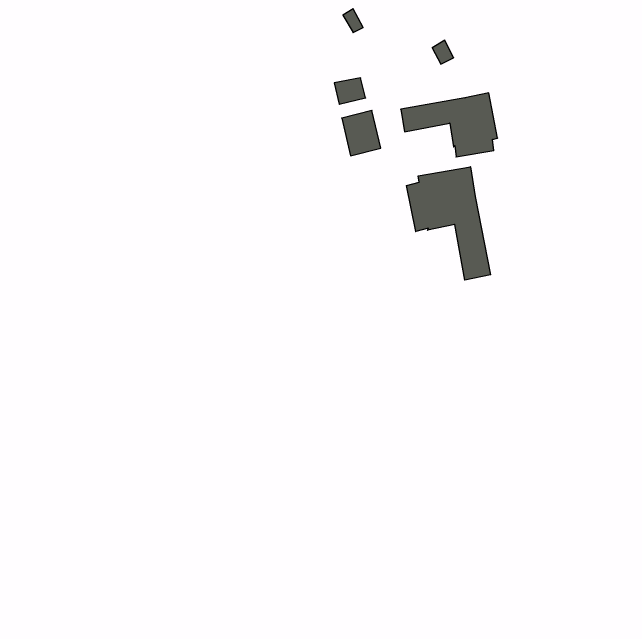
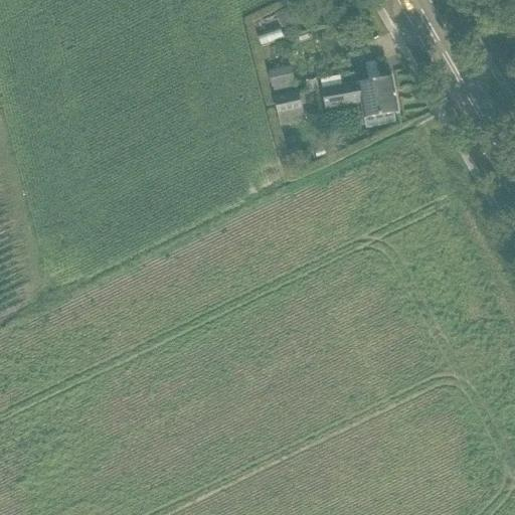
building: [406,167,491,280] -> none

